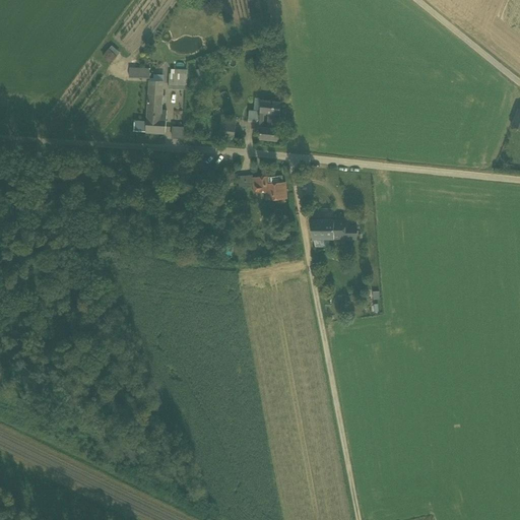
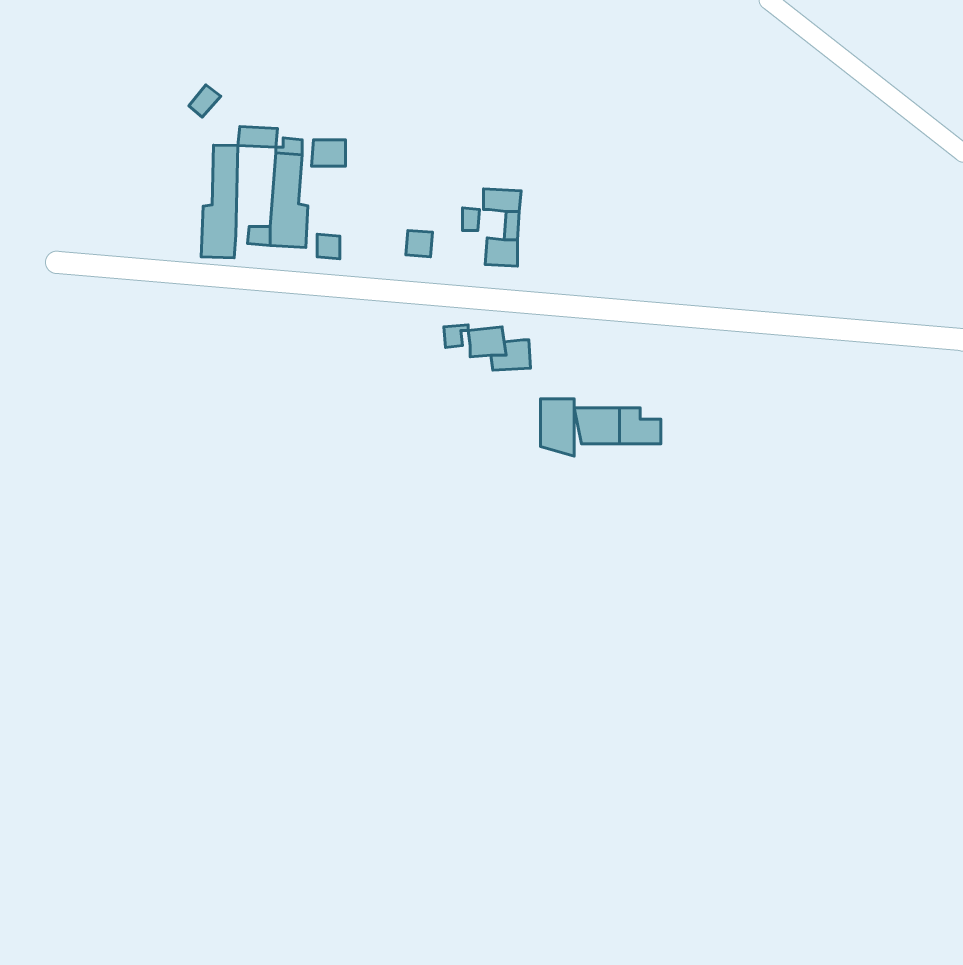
building: none -> [201,145,238,258]
building: none -> [541,399,574,456]

